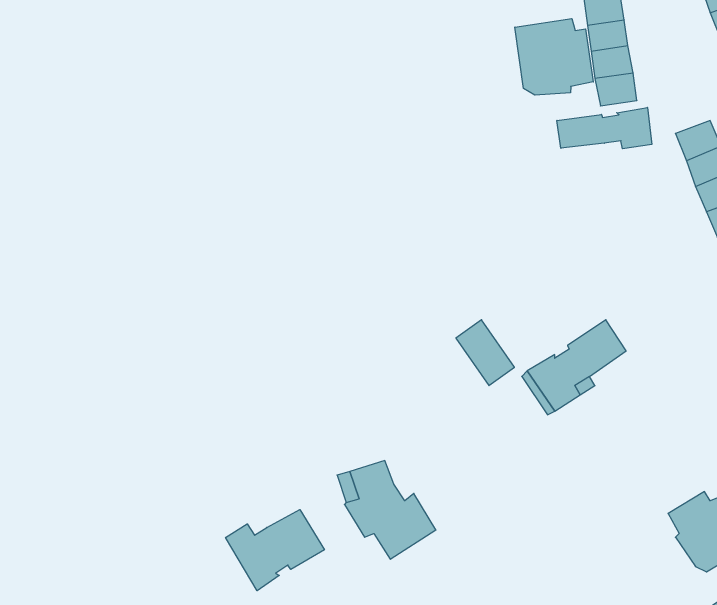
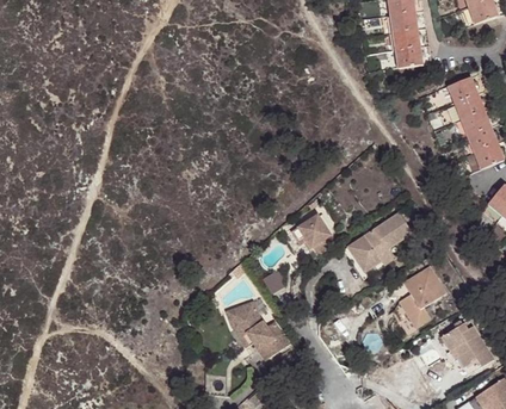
building: [515,19,593,95] -> none
building: [557,107,652,149] -> none
building: none -> [393,264,448,327]
building: [226,510,324,591] -> none

